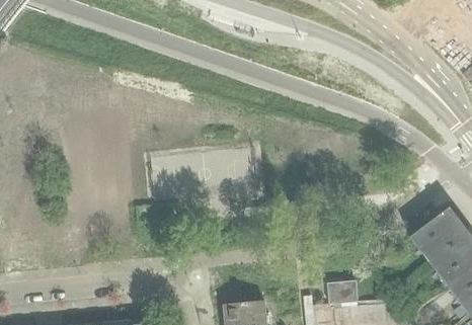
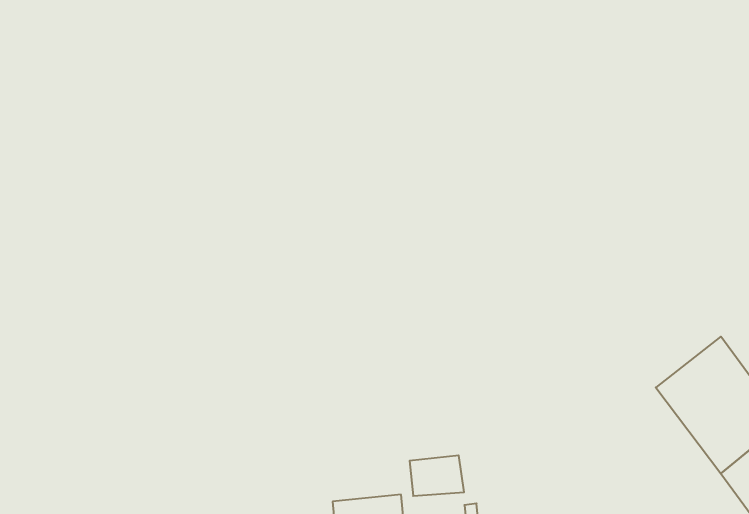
building: [327,280,359,304] -> [410,455,464,496]

